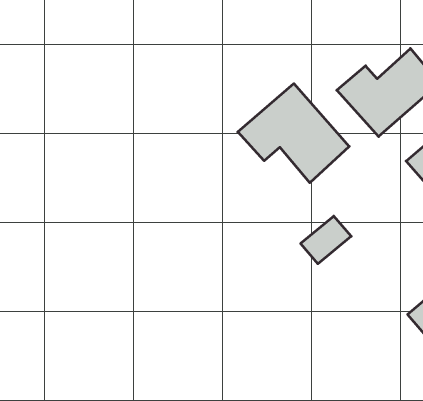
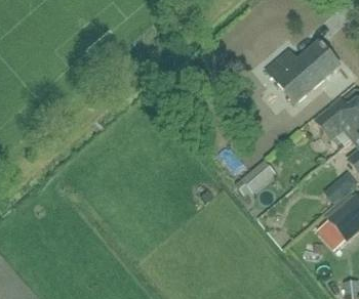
building: [238,84,349,183] -> none

